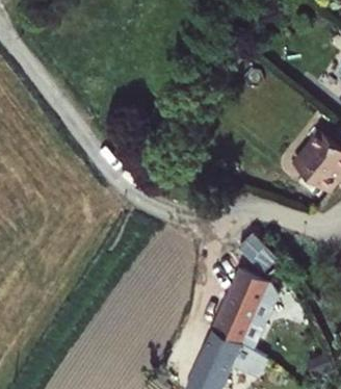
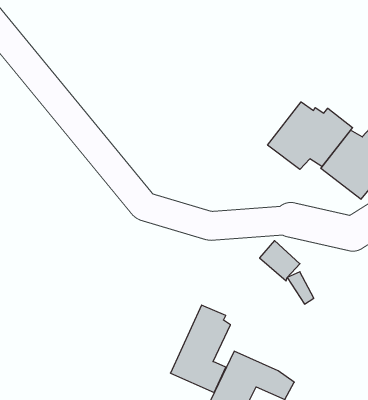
building: none -> [268,102,353,169]
building: [213,269,267,348] -> [170,305,230,393]

